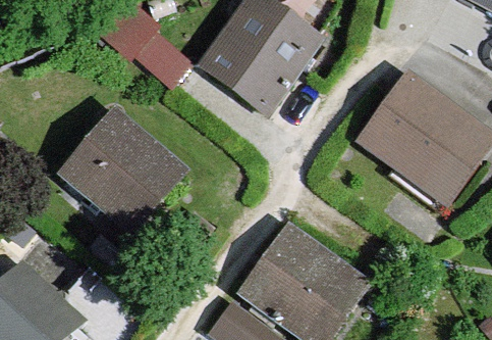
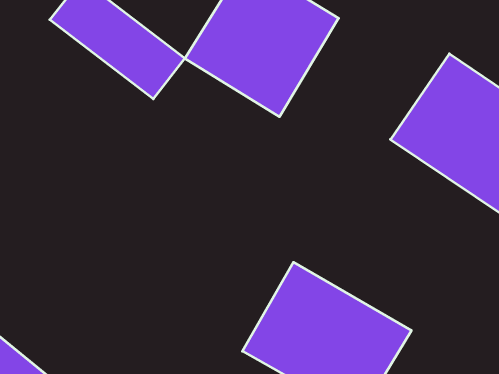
building: [63,108,188,231] -> none

